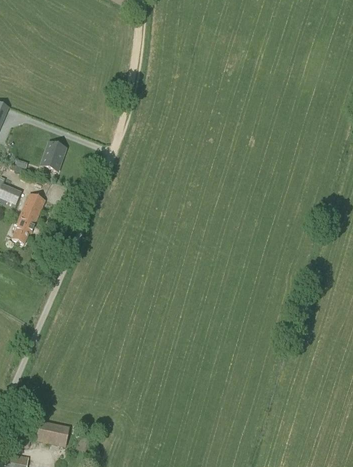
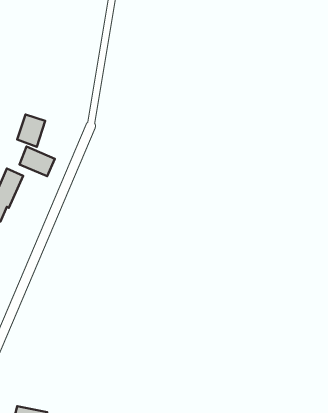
building: none -> [20,146,55,176]

